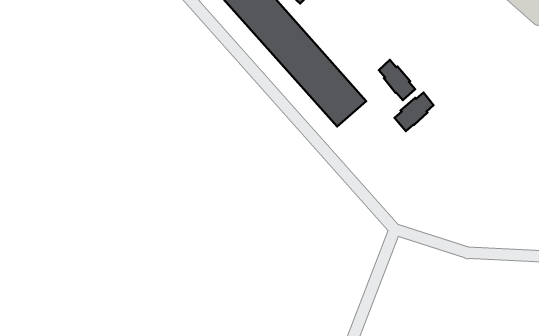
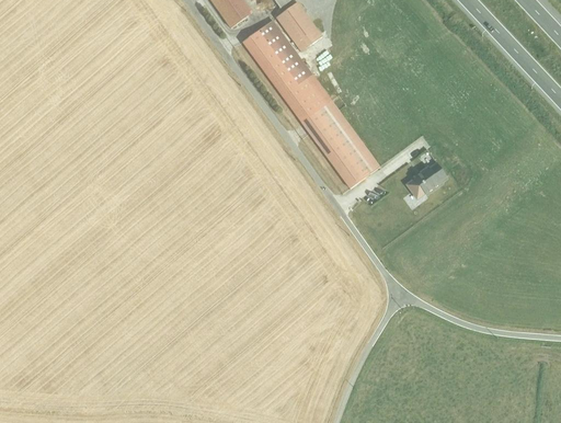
building: [379,60,415,100] -> none

